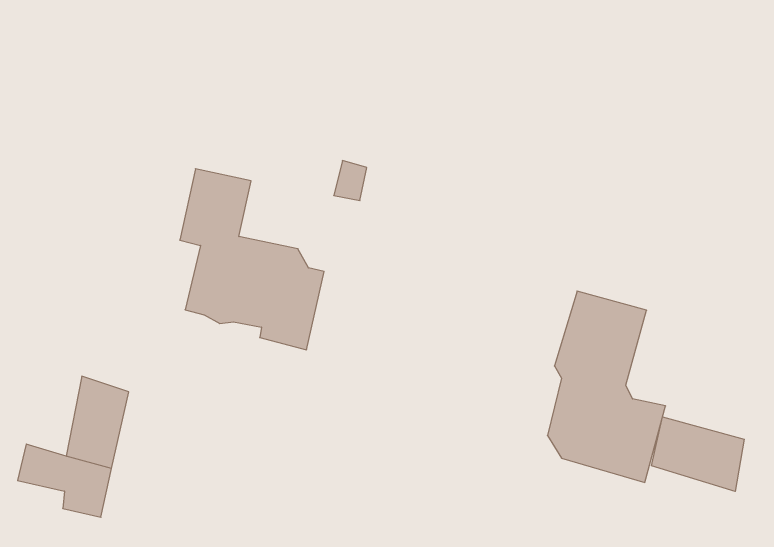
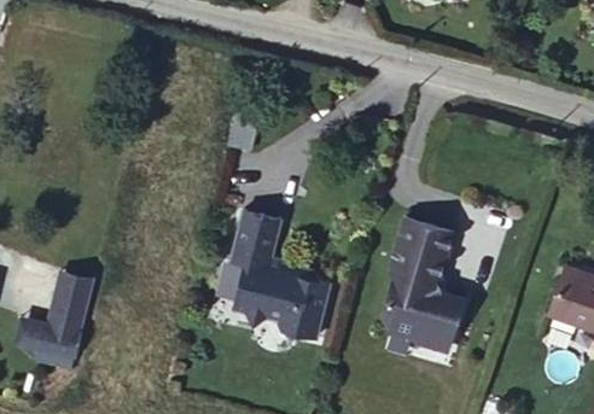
building: [180,169,324,350] -> [233,215,333,340]
building: [651,417,744,491] -> none

